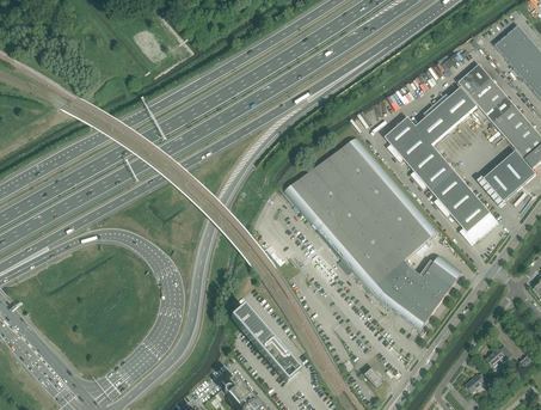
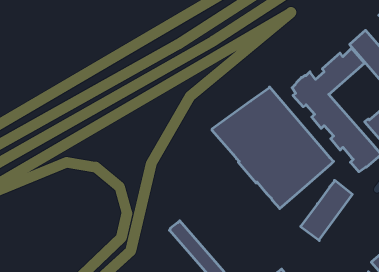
building: [370,259,434,312] -> none

